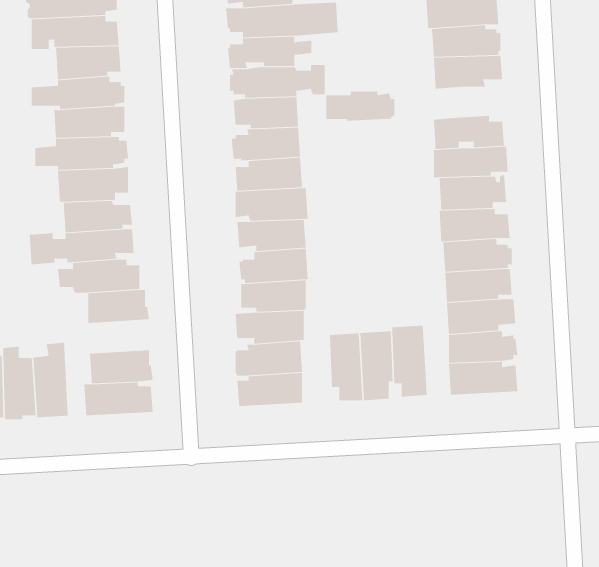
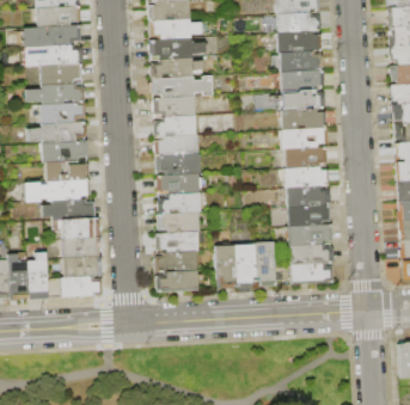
building: [325,91,395,121] -> [281,90,325,109]
building: none -> [61,237,100,258]

